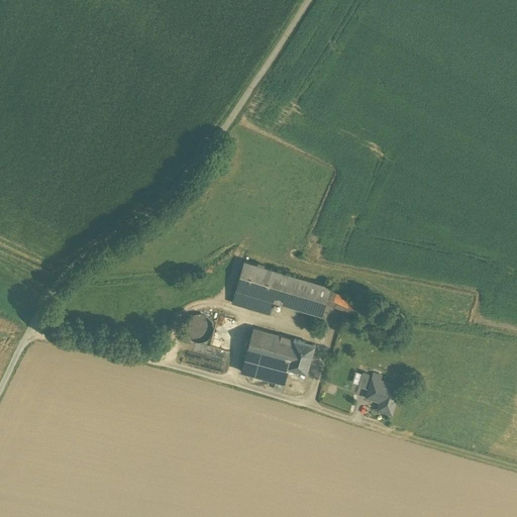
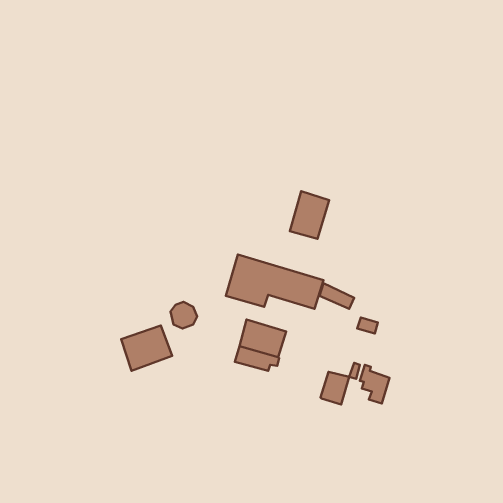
building: none -> [290,191,329,239]
building: none -> [121,325,172,371]
building: [285,340,314,374] -> [321,372,349,404]

